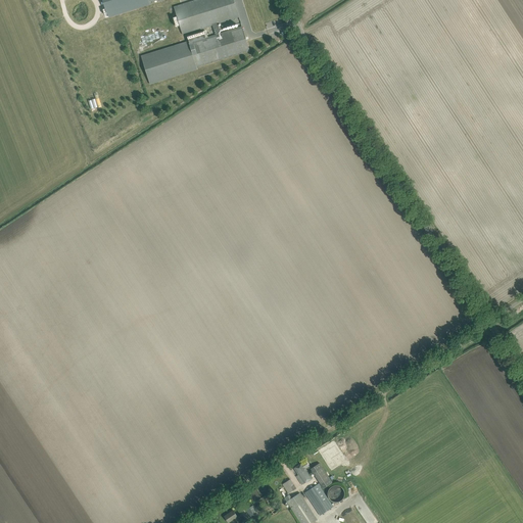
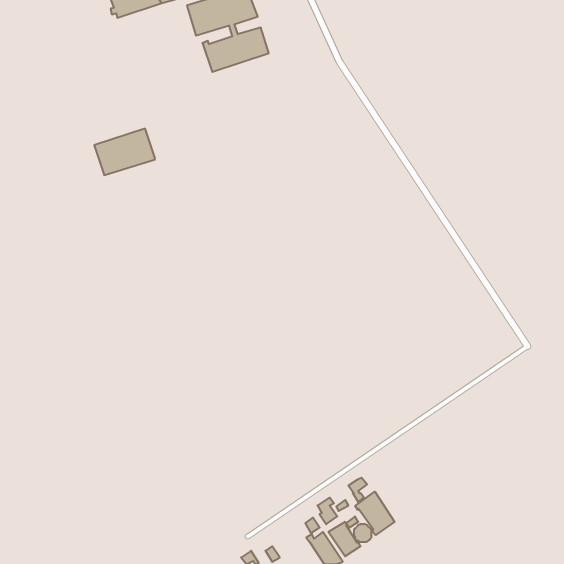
building: [140,40,196,83] -> [94,129,155,175]
building: none -> [355,492,394,535]

